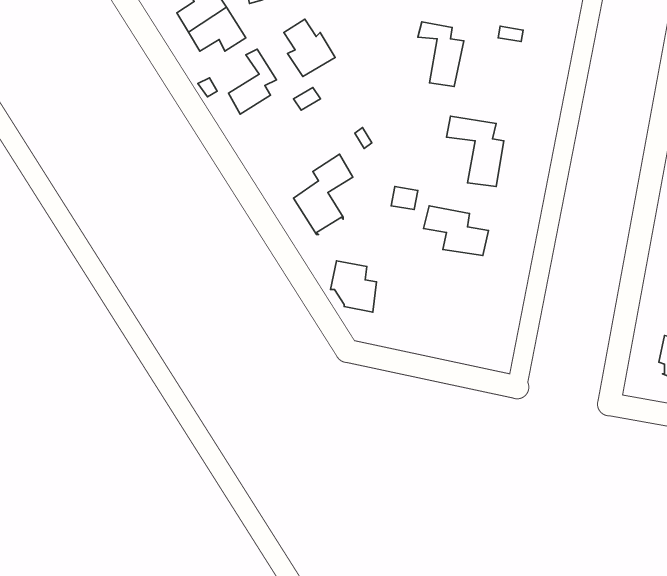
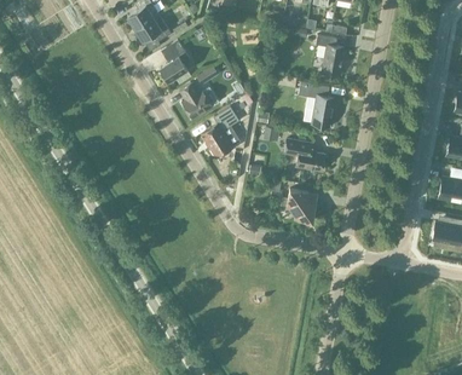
building: [284,19,335,77] -> [180,81,213,117]
building: [418,22,464,87] -> [316,34,345,75]
building: [331,261,377,312] -> [287,188,316,220]

